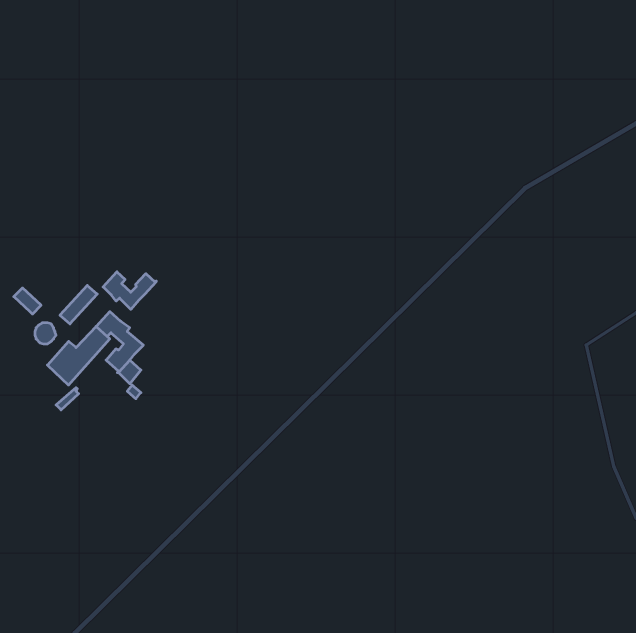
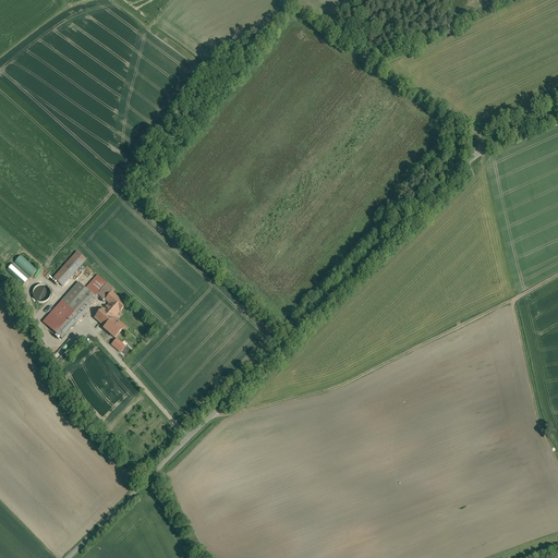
building: [103,272,156,309] -> none

